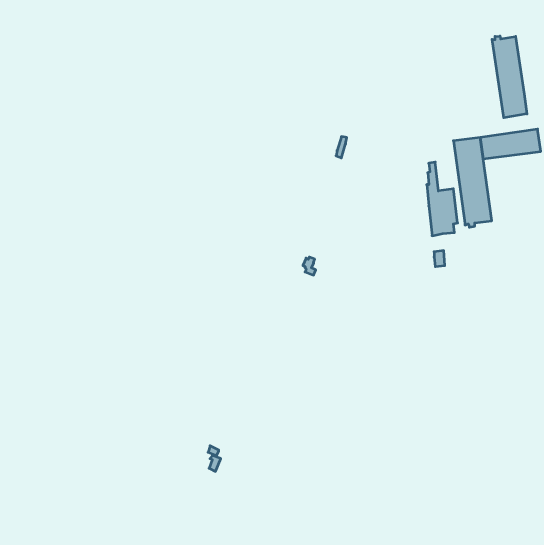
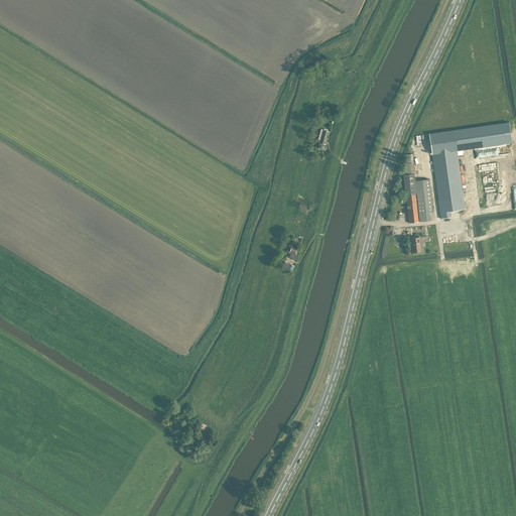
building: [492,36,527,118] -> none

